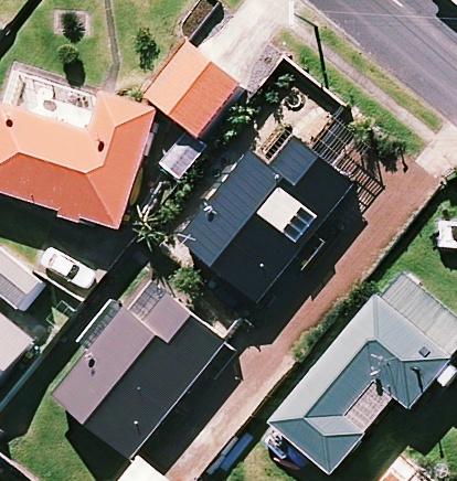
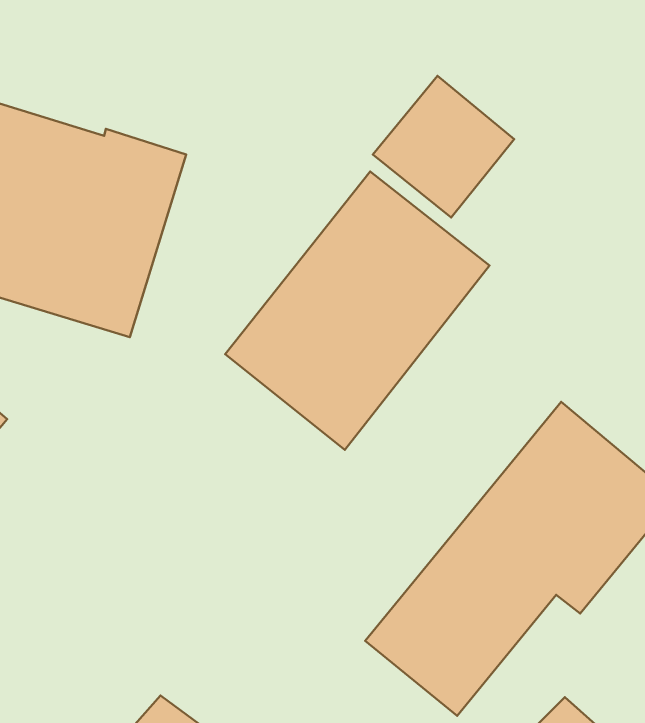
building: [146,45,237,137] -> [373,76,514,218]
building: [52,279,223,457] -> none

